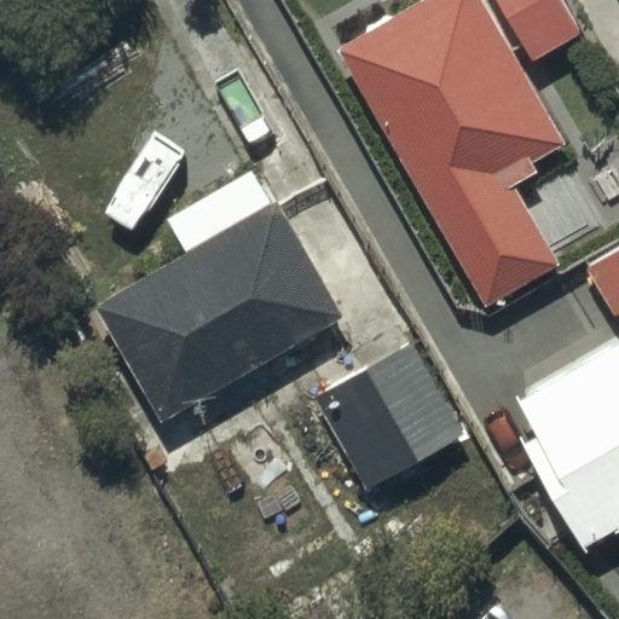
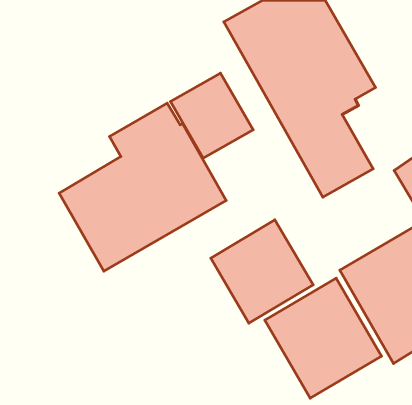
building: none -> [170,73,253,158]
building: none -> [265,278,381,398]

